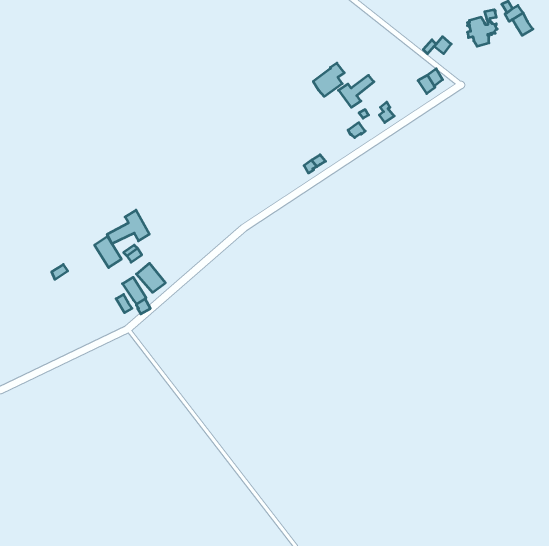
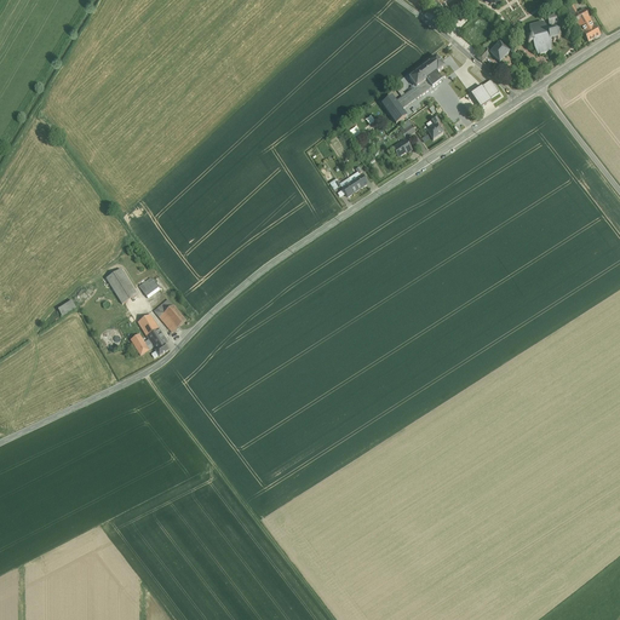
building: [313,63,344,96] -> [409,54,444,92]
building: [107,210,149,244] -> none

